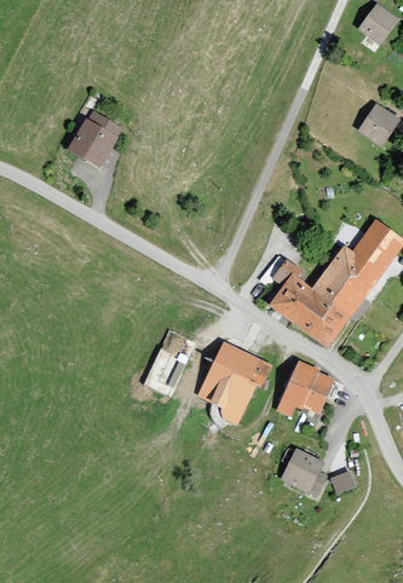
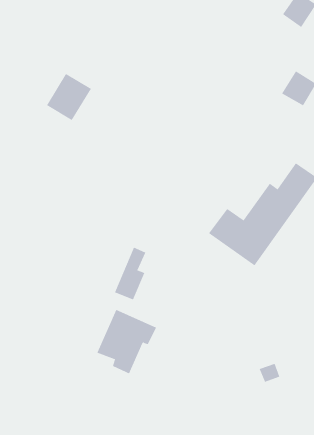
building: [198,342,274,423] -> [97,309,157,374]
building: [277,362,334,415] -> none
building: [281,449,326,493] -> none

